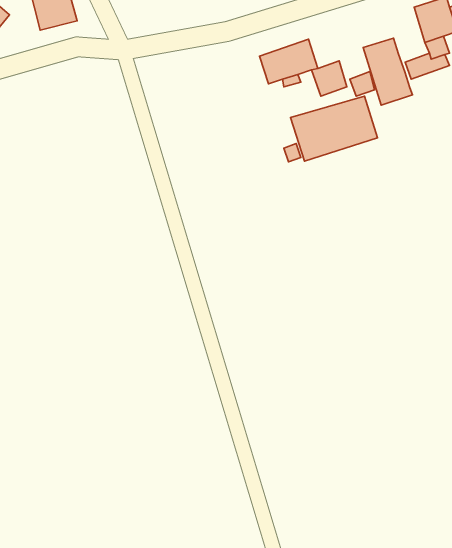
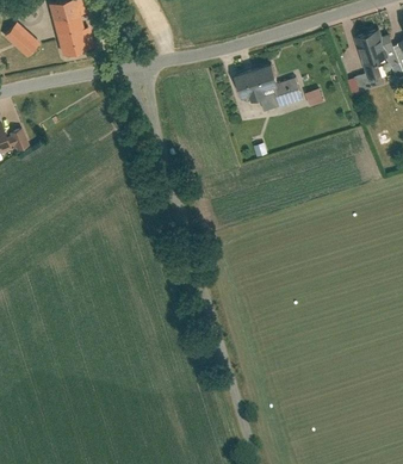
building: [363,38,413,105] -> none
building: [290,96,377,161] -> none

